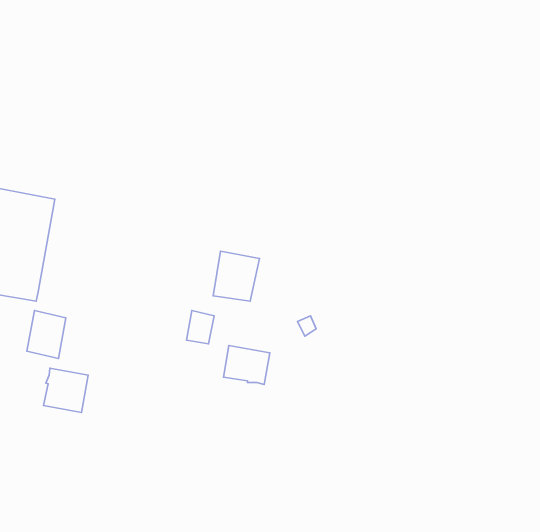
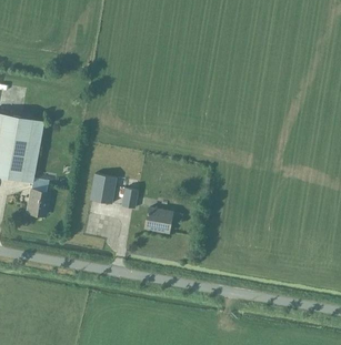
building: [213,251,260,301] -> [90,174,118,204]
building: [43,368,88,412] -> none

